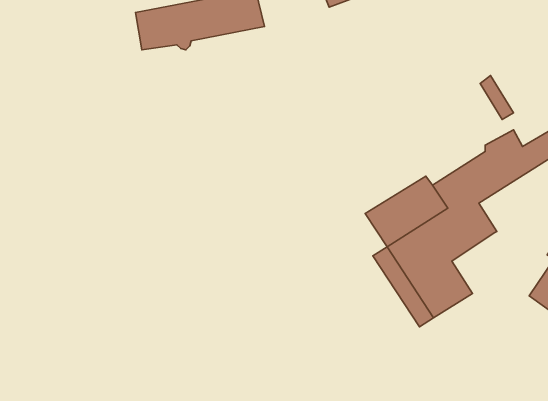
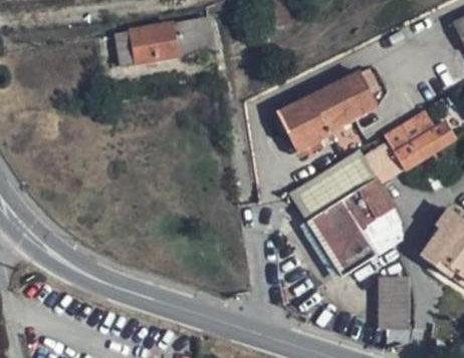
building: none -> [276,72,375,150]
building: none -> [360,207,401,256]
building: none -> [378,276,411,328]

